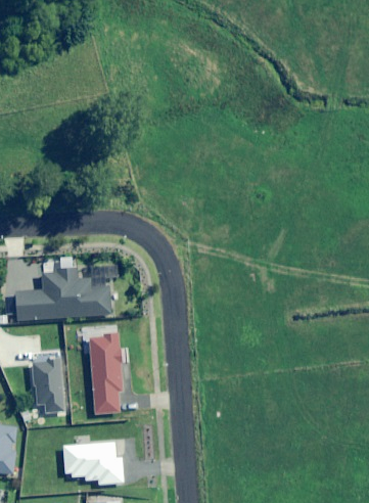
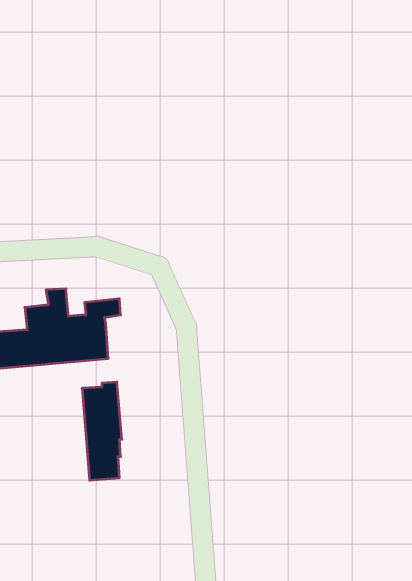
building: [31,360,65,414] -> none
building: [62,443,124,485] -> none

